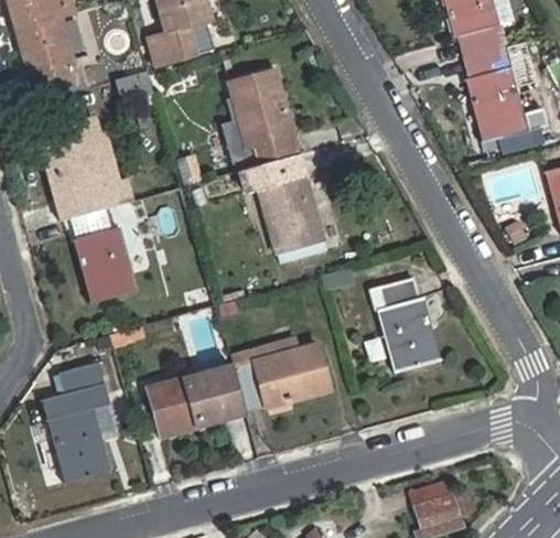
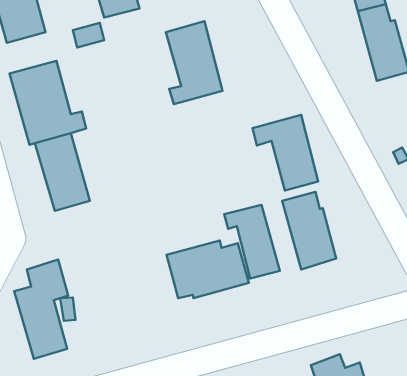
building: [239,154,320,247] -> [252,115,318,190]
building: none -> [224,205,280,278]
building: [148,364,246,435] -> none

